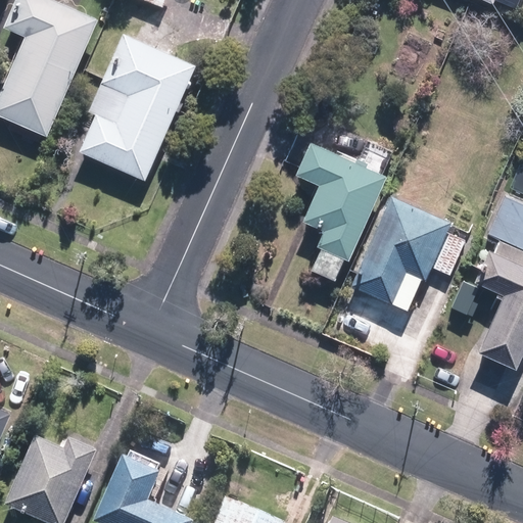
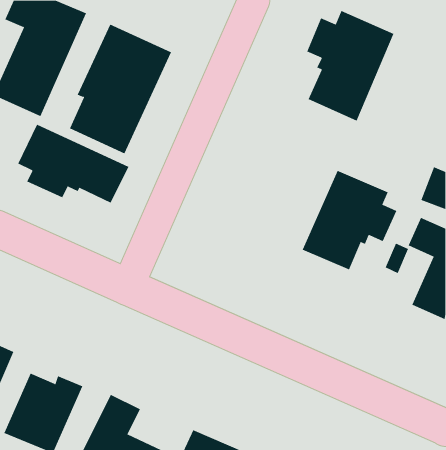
building: none -> [306,10,394,121]
building: [296,141,387,279] -> none
building: none -> [17,124,129,204]

